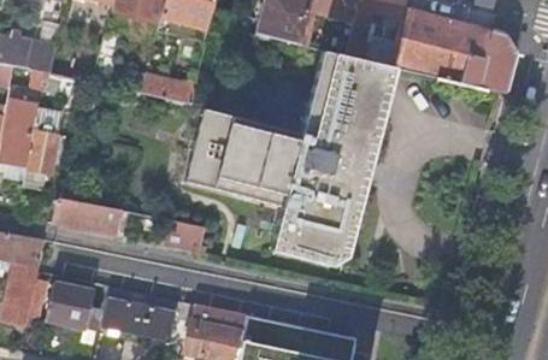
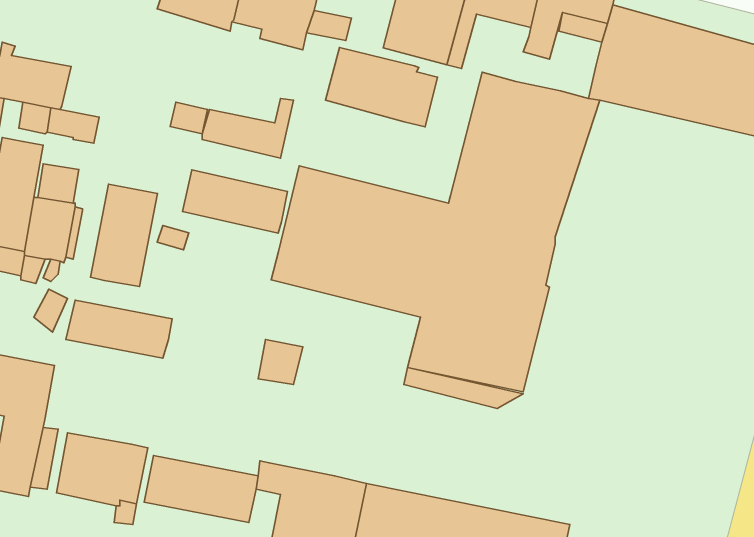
building: none -> [325,47,438,127]
building: none -> [182,170,288,233]
building: none -> [91,184,158,287]

